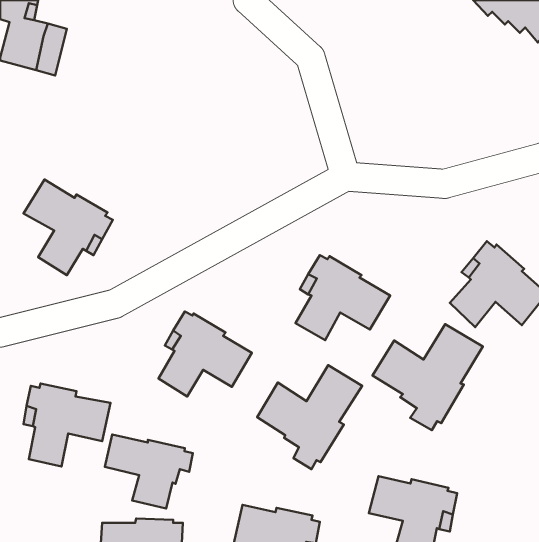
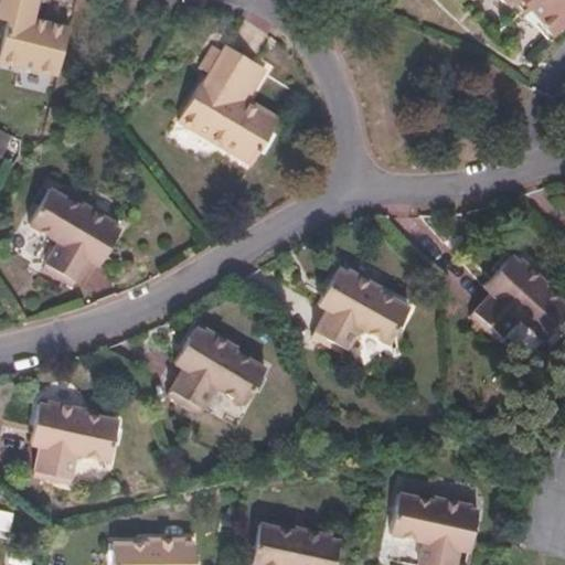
building: none -> [180,45,280,163]
building: [373,324,483,430] -> none
building: [257,365,362,469] -> none
building: [105,434,193,509] -> none

